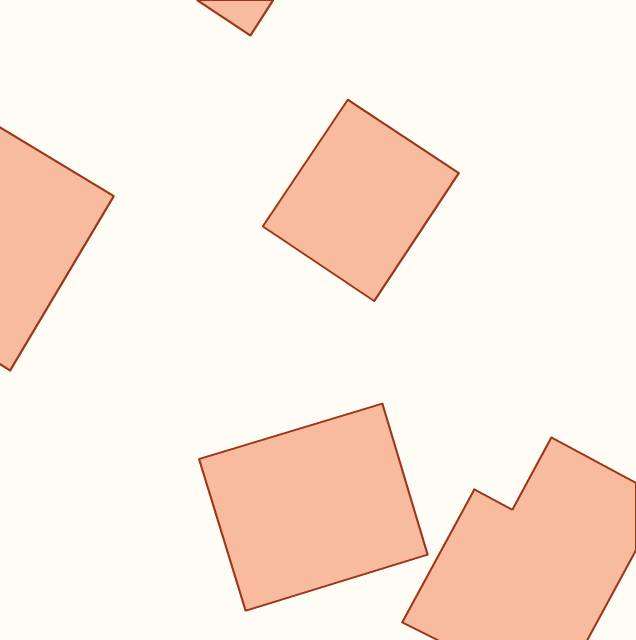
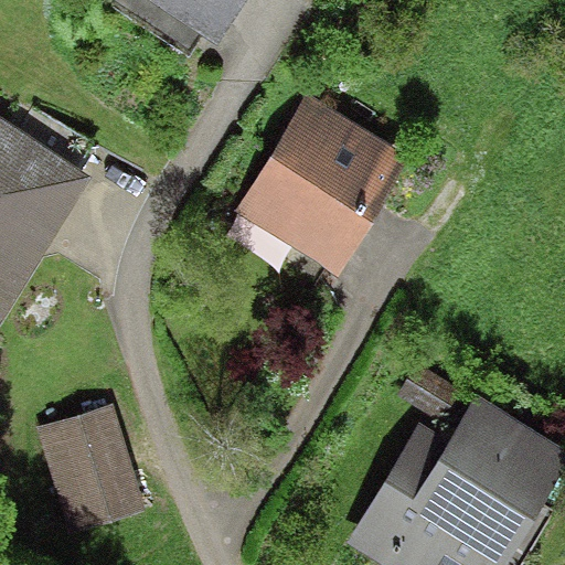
building: [199,404,427,611] -> none
building: none -> [36,411,137,526]

